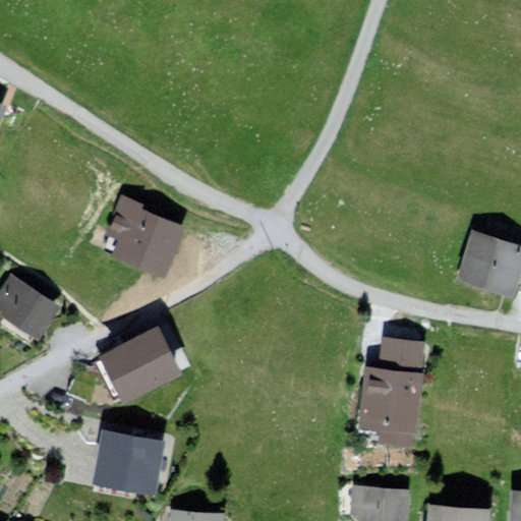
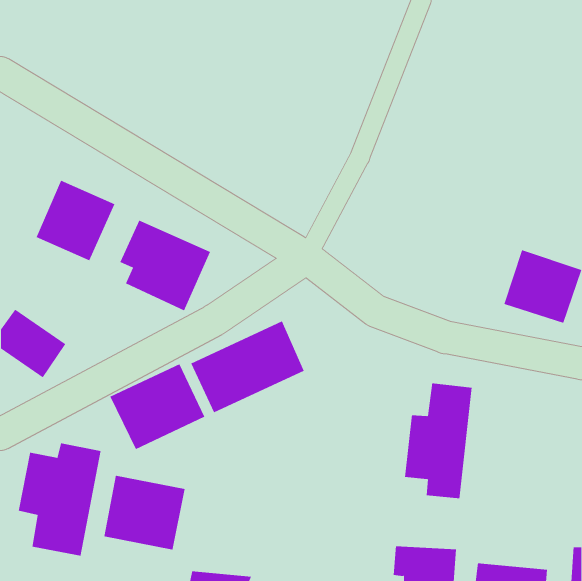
building: none -> [36,180,115,261]
building: none -> [191,320,305,413]
building: none -> [18,442,101,557]

